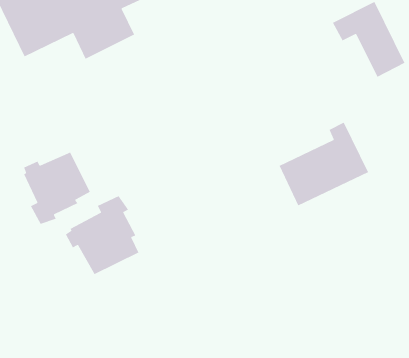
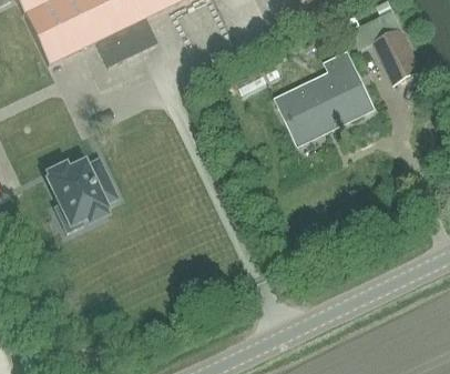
building: [279,121,369,206] -> [283,55,371,139]
building: [65,195,139,275] -> none

